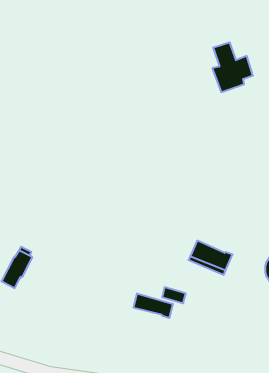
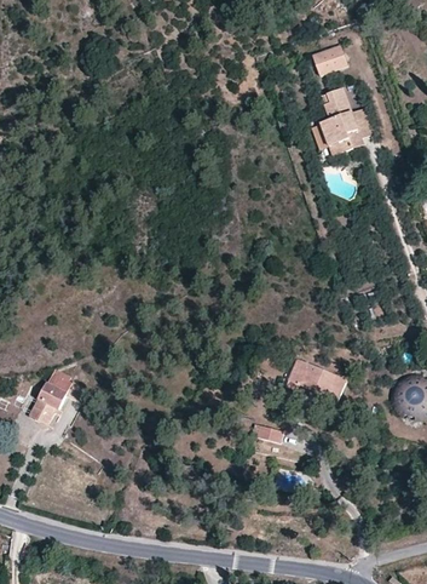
building: none -> [312,42,347,74]
building: [134,293,173,318] -> none

